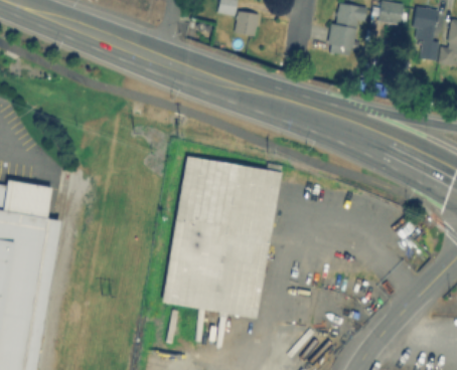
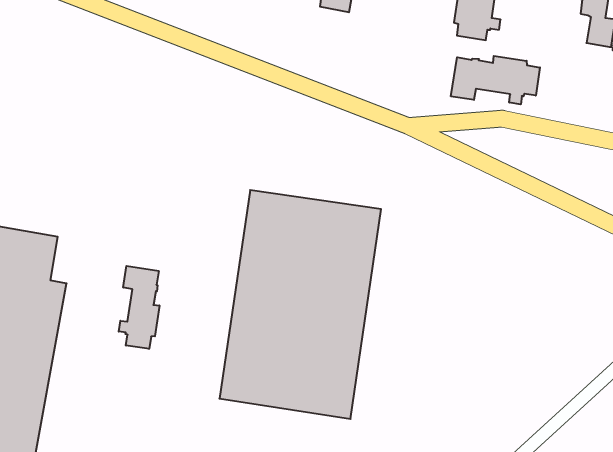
building: none -> [451,56,540,104]
building: none -> [119,266,159,349]

